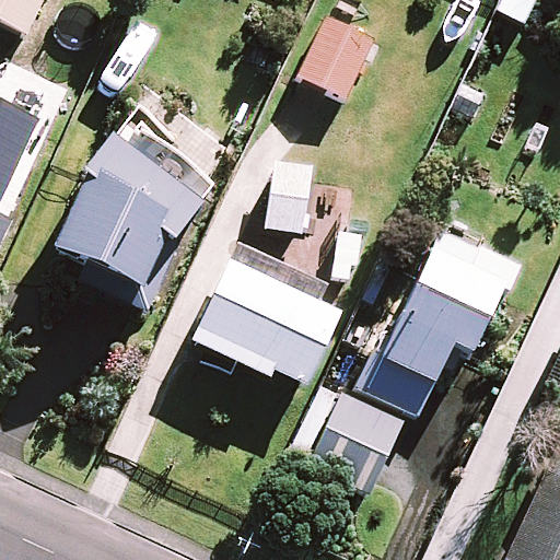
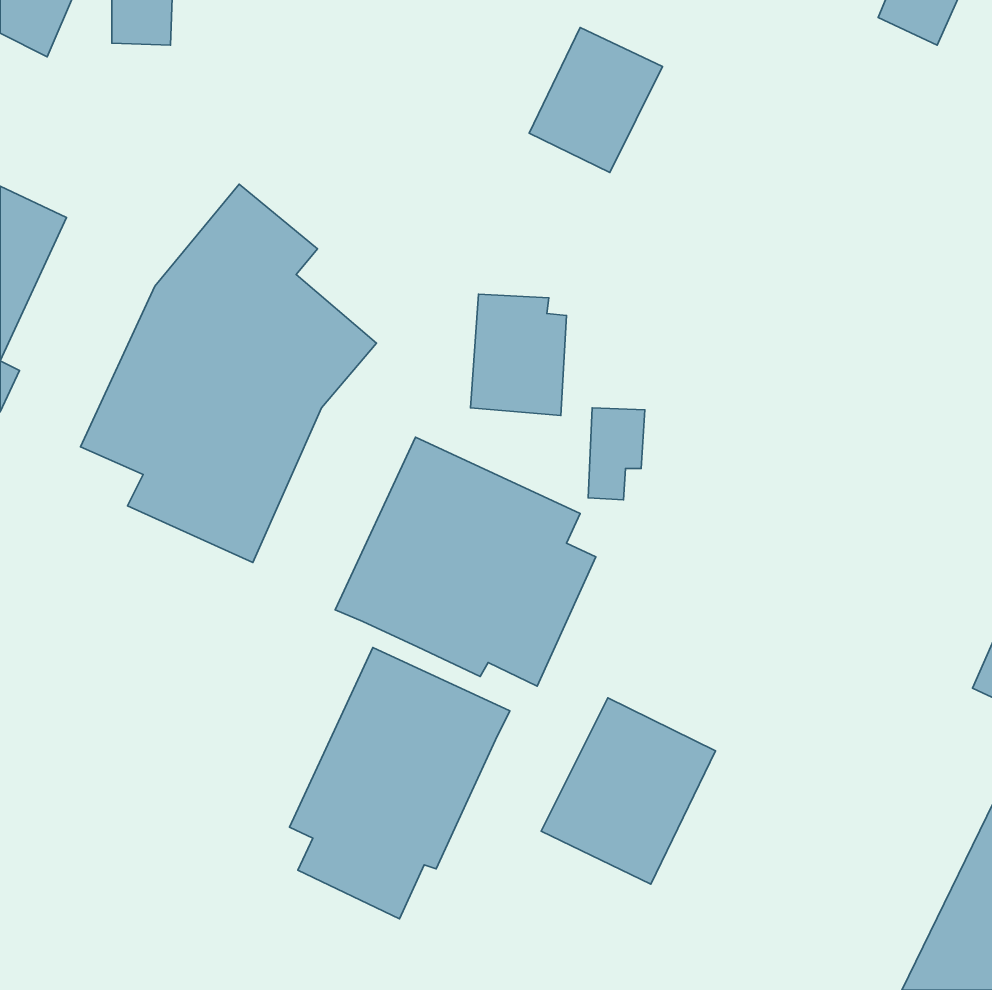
building: [353,222,524,413] -> none
building: none -> [289,647,510,919]

